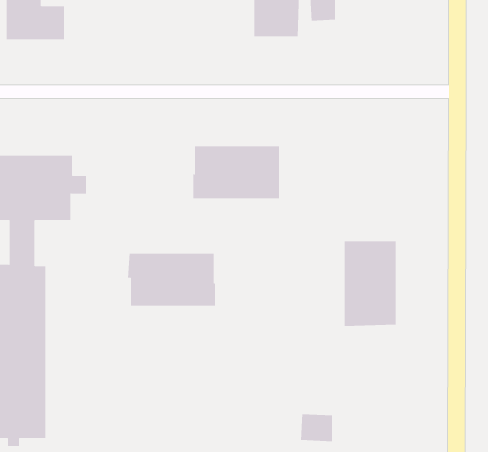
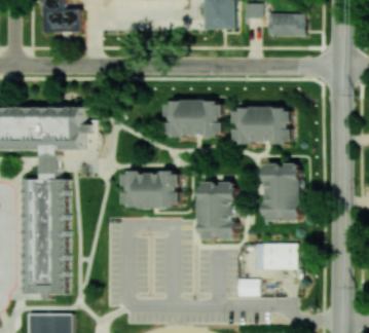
building: none -> [266,12,304,36]
building: none -> [233,107,291,142]
building: none -> [199,182,234,238]
building: none -> [253,243,296,269]

